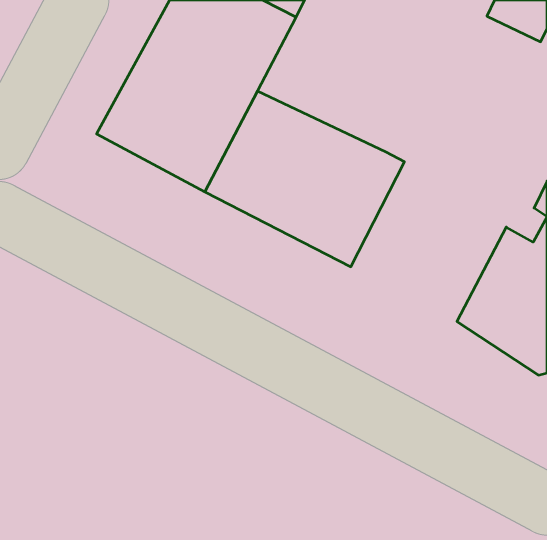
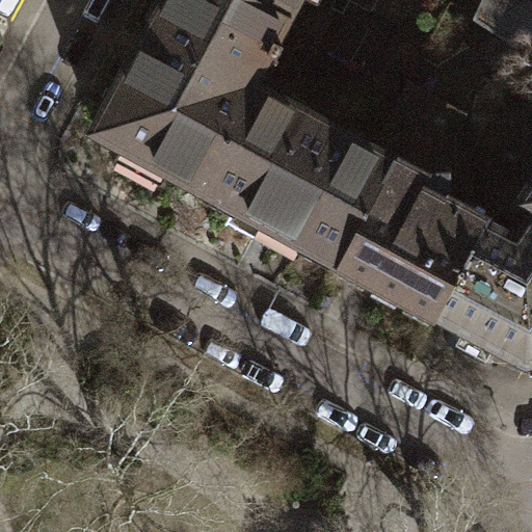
building: none -> [340,90,490,319]

